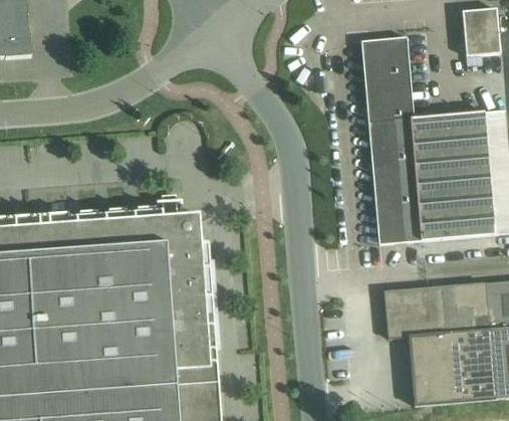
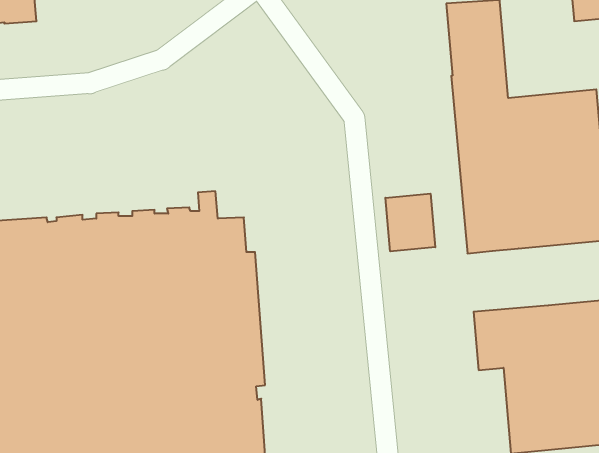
building: none -> [385,194,435,251]

